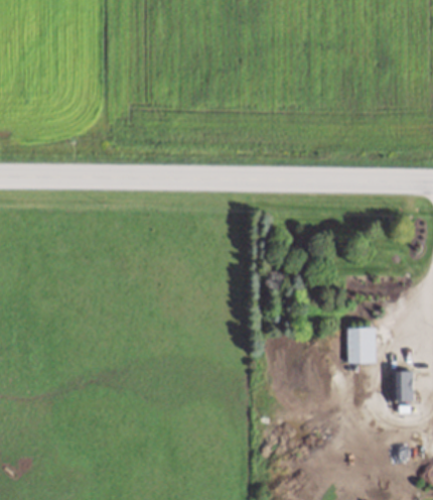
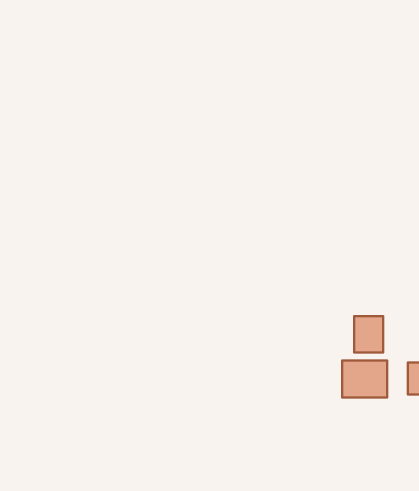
building: none -> [342,360,387,398]

